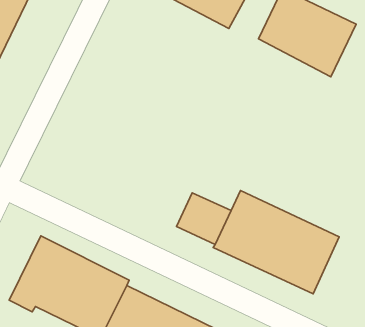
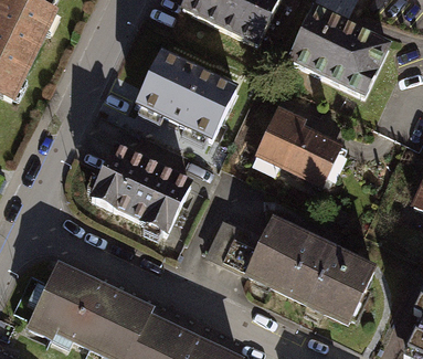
building: none -> [135,49,237,139]
building: none -> [255,103,343,184]
building: none -> [86,141,192,234]

